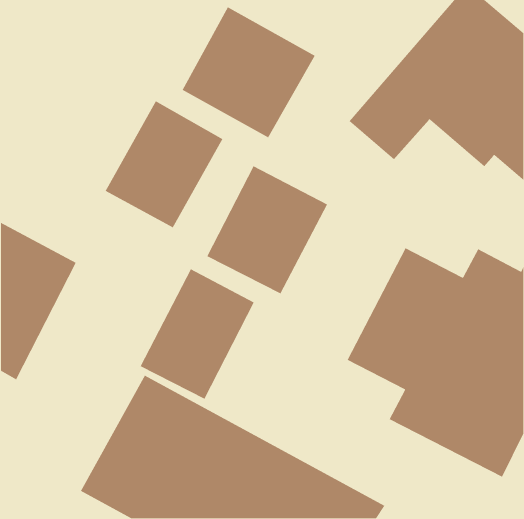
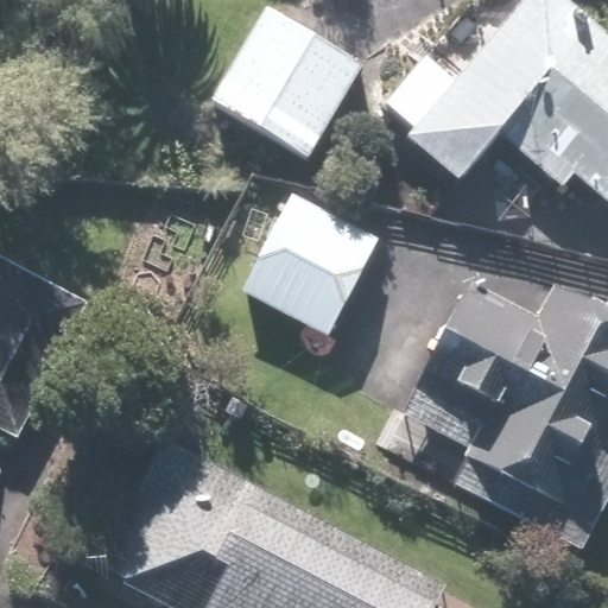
building: [105,100,223,229] -> none
building: [140,268,255,400] -> none

